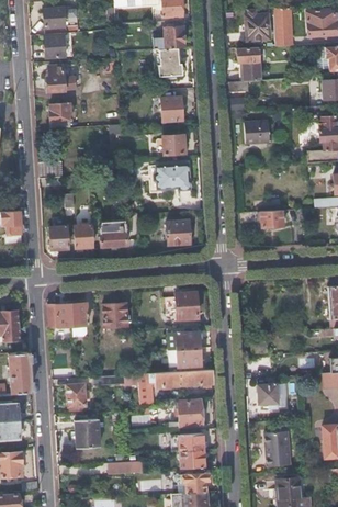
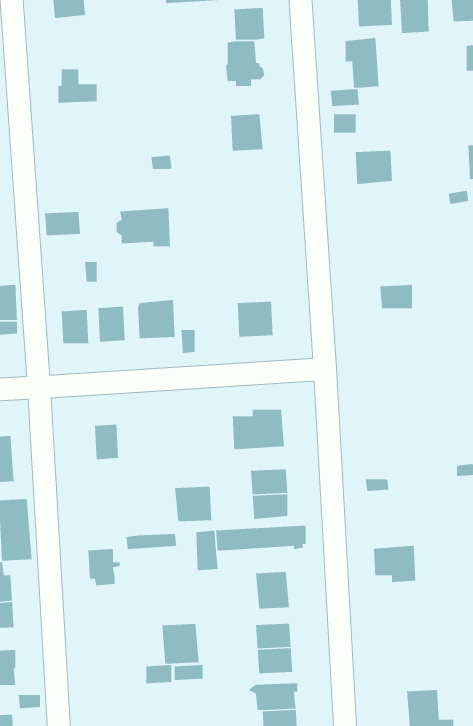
building: [45,36,66,59] -> none
building: [49,104,72,129] -> none
building: [164,135,185,156] -> none
building: [154,164,190,190] -> [116,208,171,247]
building: [48,304,74,328] -> none
building: [103,304,128,328] -> [174,486,212,522]
building: [75,420,100,448] -> [161,623,200,665]
building: [264,432,291,466] -> none

